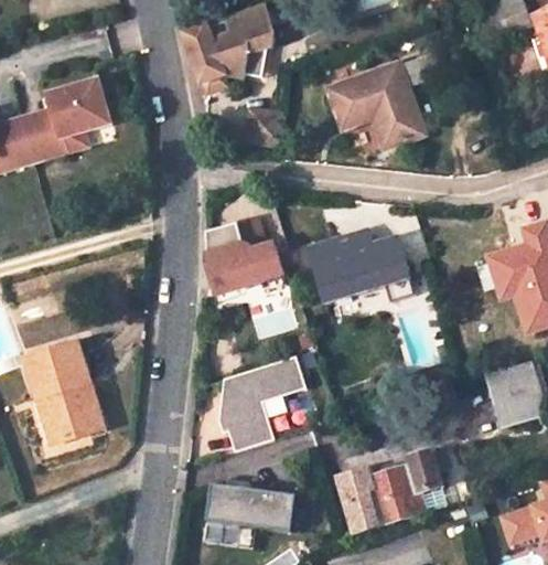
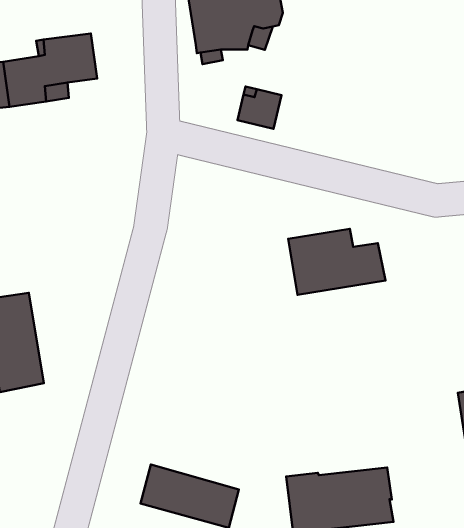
building: [329,53,440,148] -> none
building: [205,217,280,295] -> none
building: [209,355,302,451] -> none

